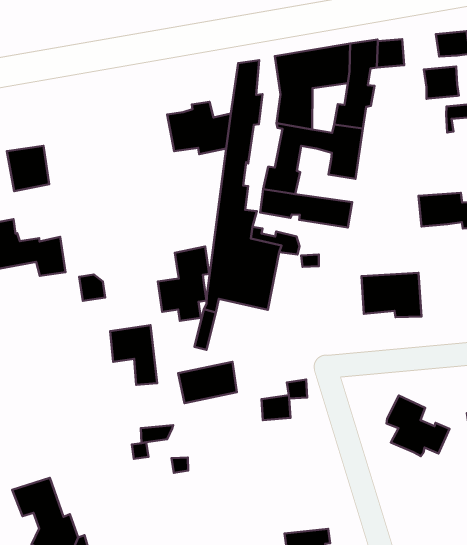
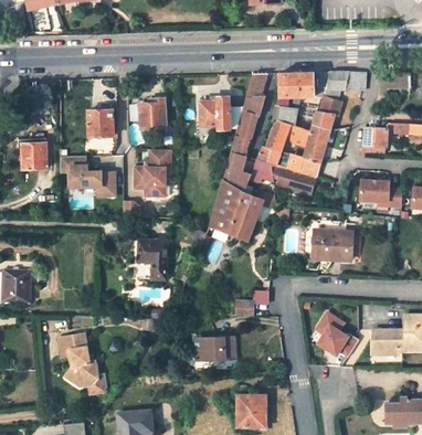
building: [424,66,459,99] -> [363,127,387,148]
building: none -> [138,97,166,130]
building: none -> [277,152,319,178]
building: [158,247,209,321] -> [135,149,170,197]
building: [178,362,237,403] -> [194,337,232,360]

